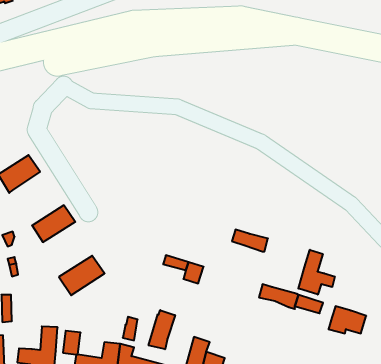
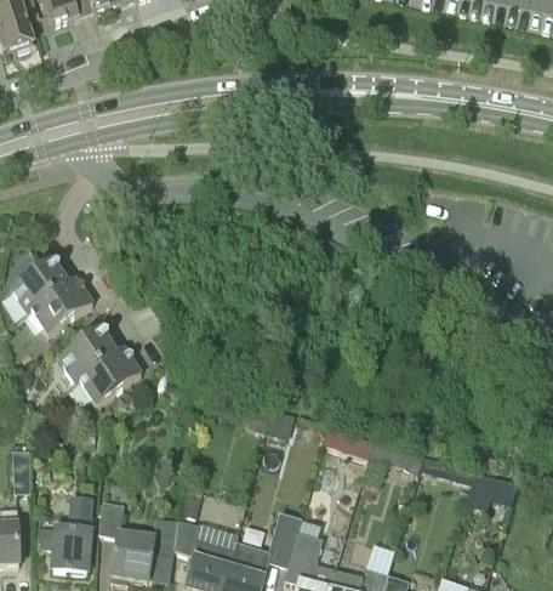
building: none -> [30,277,93,334]
building: [232,230,268,252] -> [325,426,375,456]
building: [298,250,335,295] -> none
building: [59,256,105,295] -> [78,347,141,402]
building: [149,310,175,349] -> none

